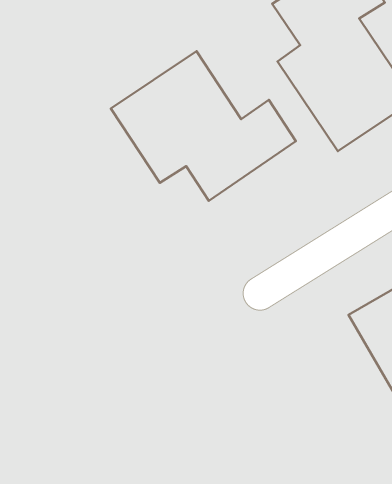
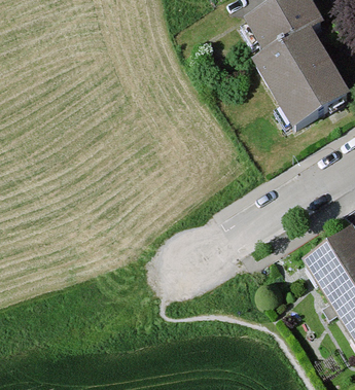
building: [111,51,296,201] -> none

